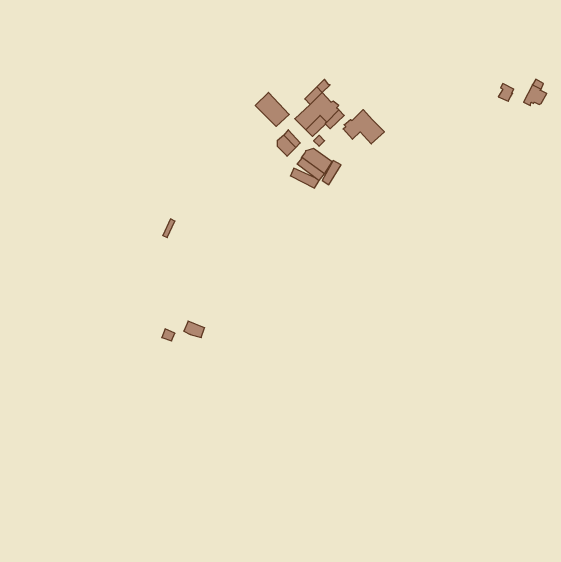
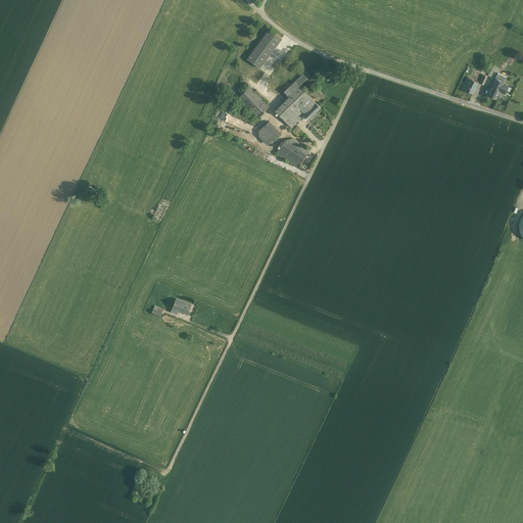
building: none -> [246,30,281,68]
building: [343,110,384,144] -> none

